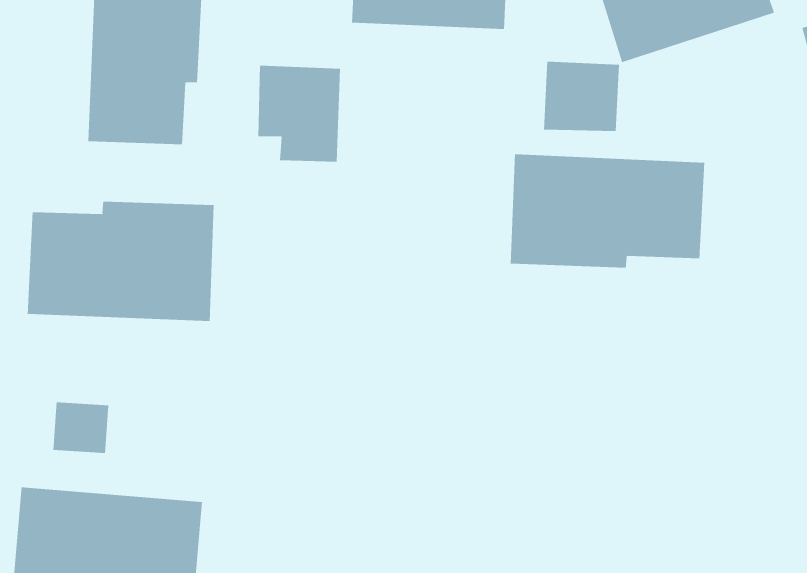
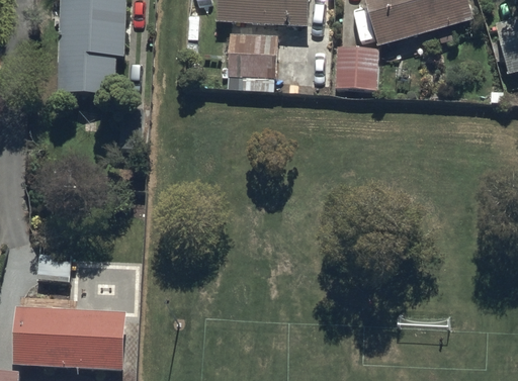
building: [257,65,341,162] -> [227,32,277,91]
building: [510,154,705,268] -> none
building: [27,201,214,322] -> none

